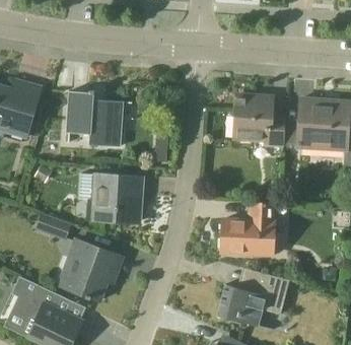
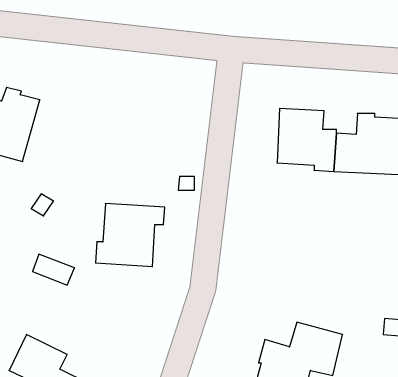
building: [67,91,124,147] -> none
building: [221,202,275,255] -> none
building: [56,238,123,300] -> none

